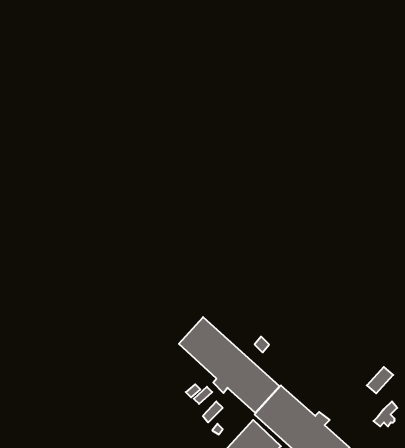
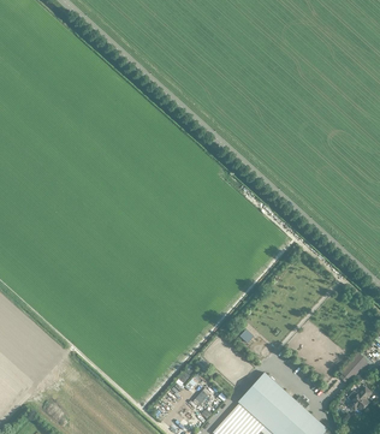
building: [179,317,279,413] -> none

